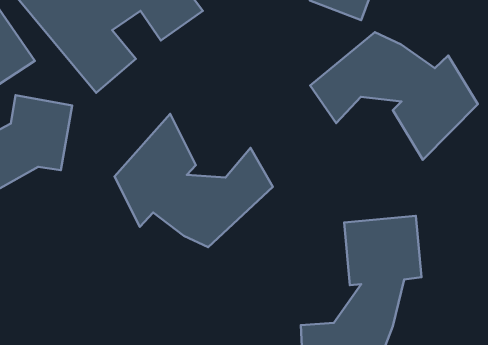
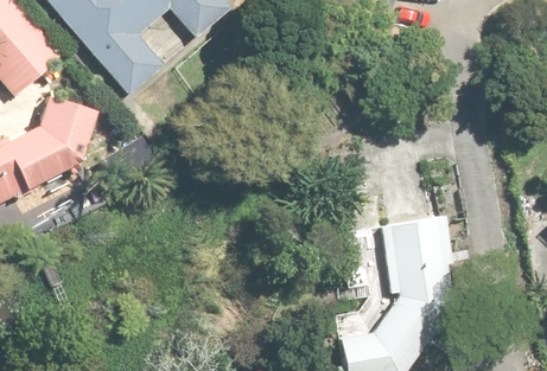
building: [310,32,478,160] -> none
building: [115,114,273,247] -> none

